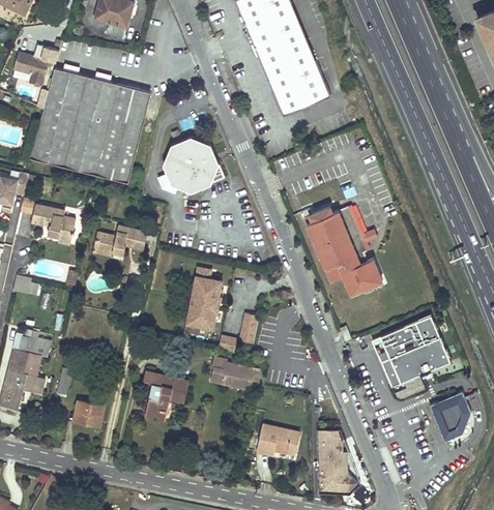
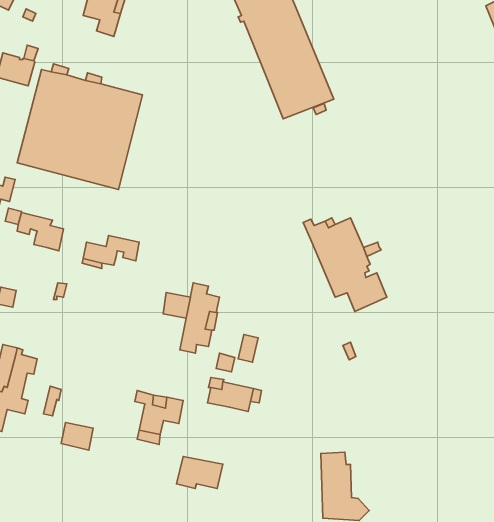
building: [163,138,223,193] -> none
building: none -> [163,292,190,318]
building: [370,316,449,387] -> none
building: [428,391,470,442] -> none
building: [255,425,298,455] -> [177,456,223,488]

